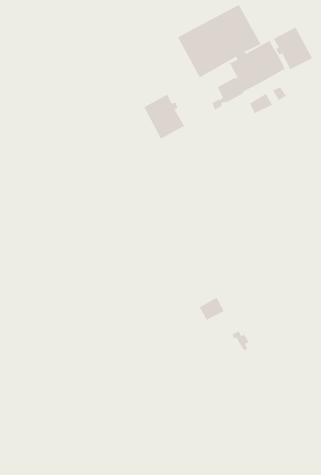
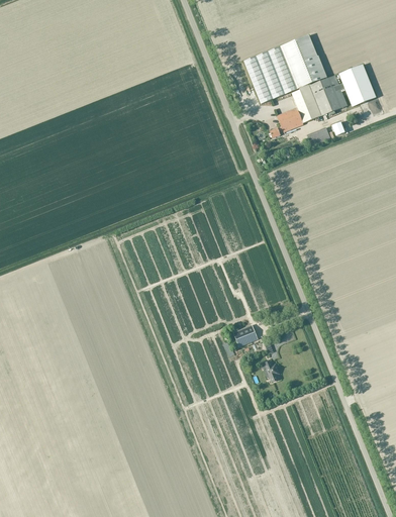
building: [143,94,185,139] -> none

